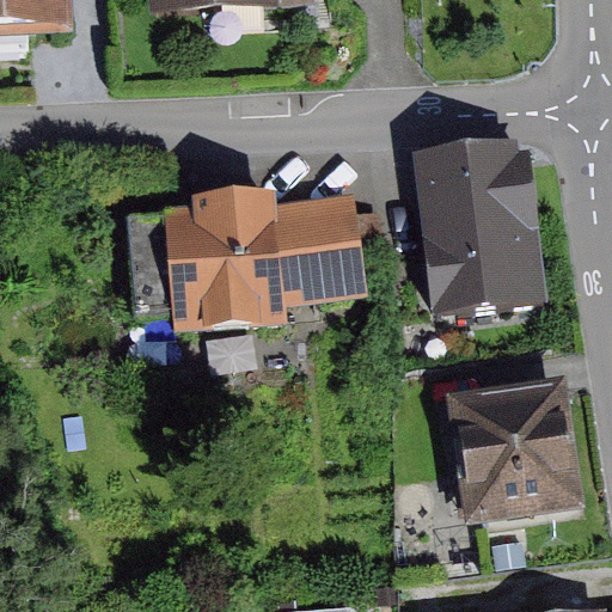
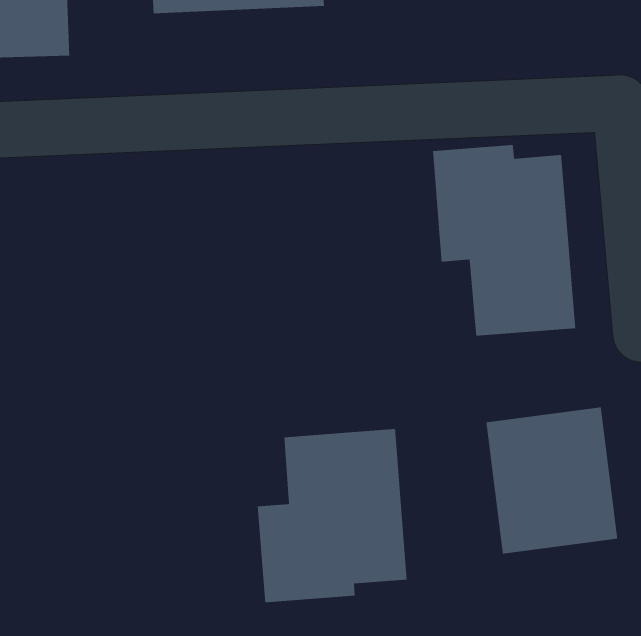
building: [163,189,355,328] -> none
building: none -> [257,428,407,603]

